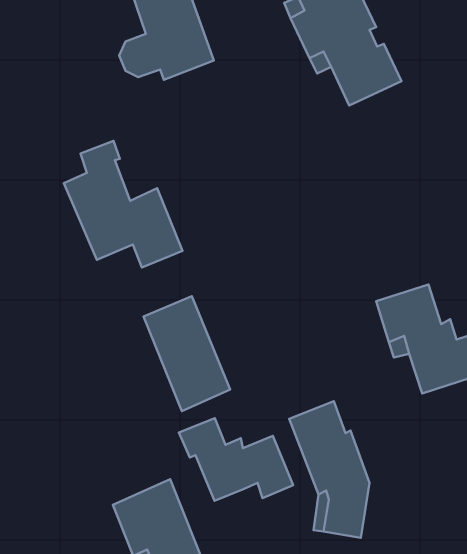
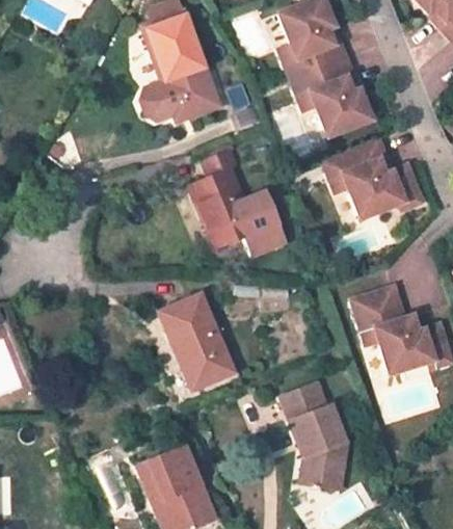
building: none -> [317,144,417,224]
building: [64,141,183,268] -> [190,151,287,254]
building: [179,418,293,501] -> none

